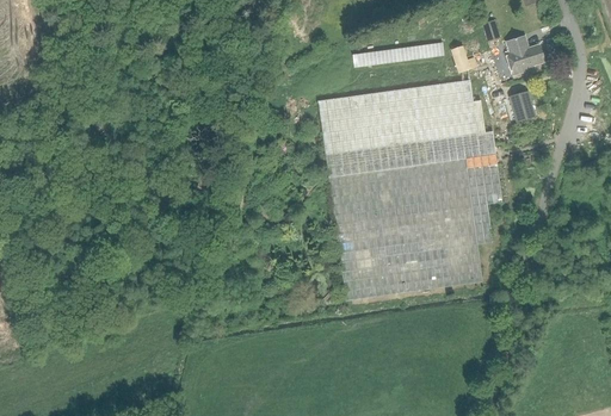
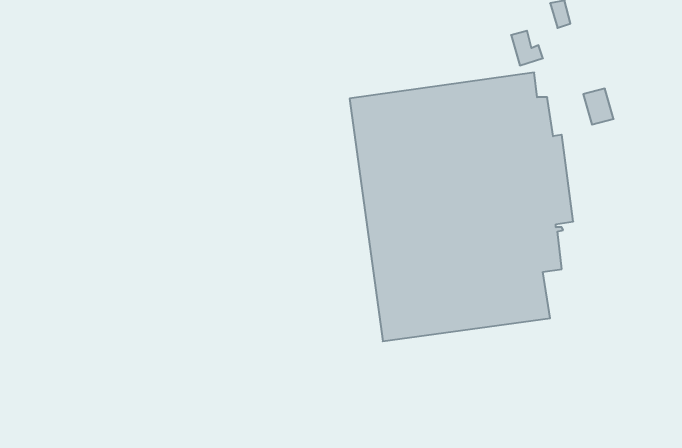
building: [505,36,544,74] -> none

